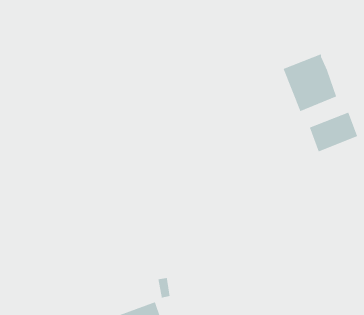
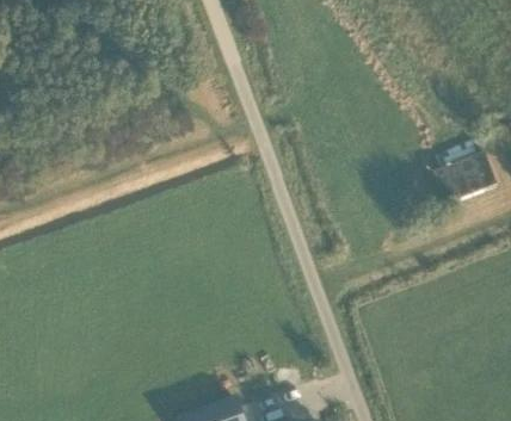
building: [283,53,337,112] -> none

